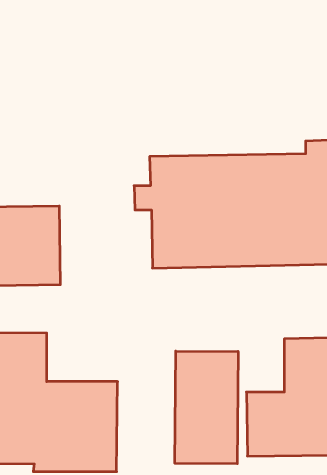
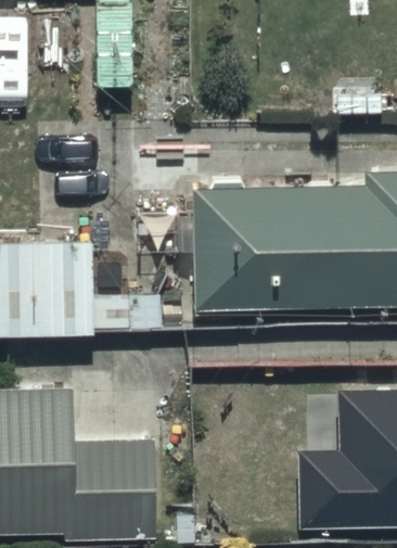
building: [175,351,238,464] -> none

